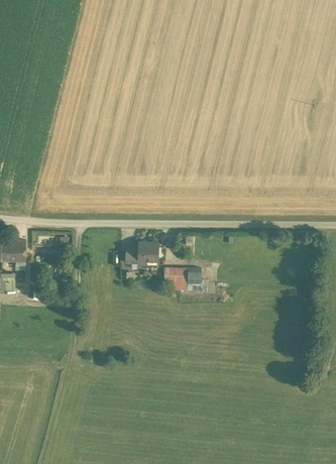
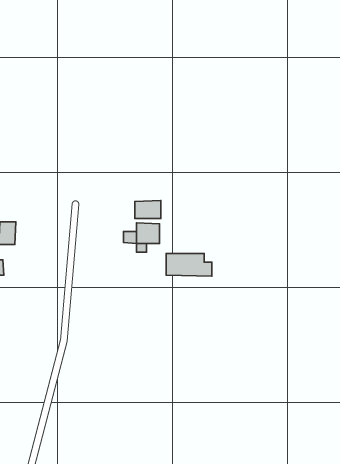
building: none -> [135,200,161,219]

